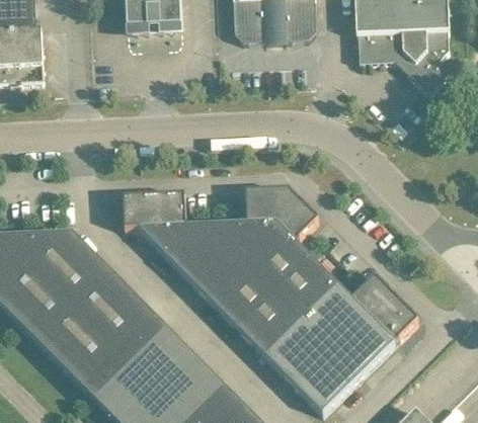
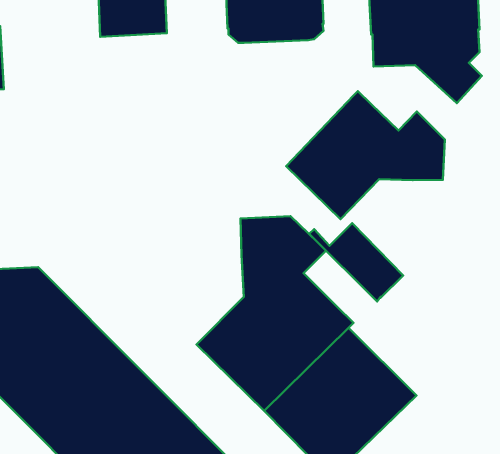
building: none -> [286,91,445,219]
building: [123,192,248,298] -> none
building: [337,274,417,341] -> [309,223,403,302]

